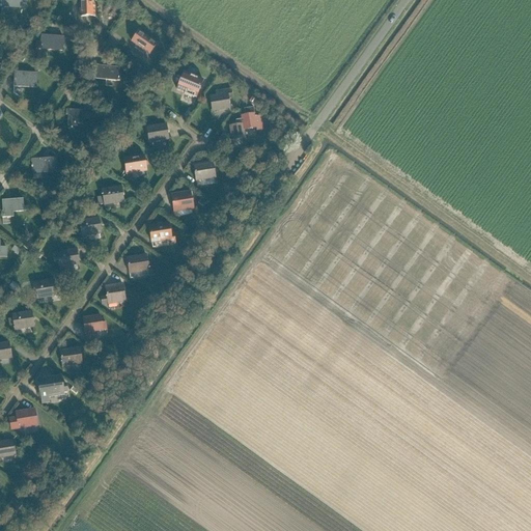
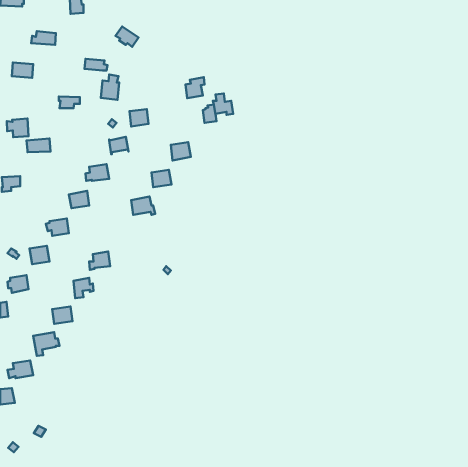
building: [175,71,203,96] -> none
building: none -> [101,75,119,100]
building: none -> [7,119,28,137]
building: [127,254,156,276] -> none

